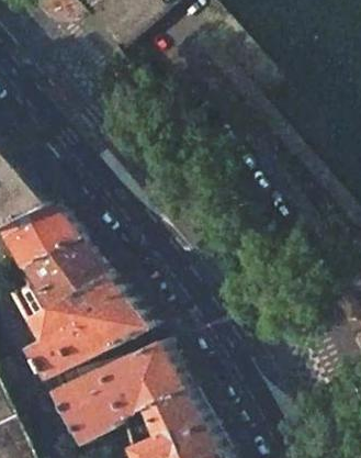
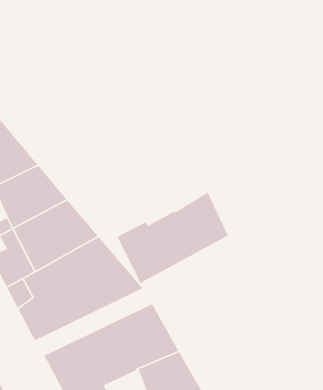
building: none -> [116,192,229,284]

